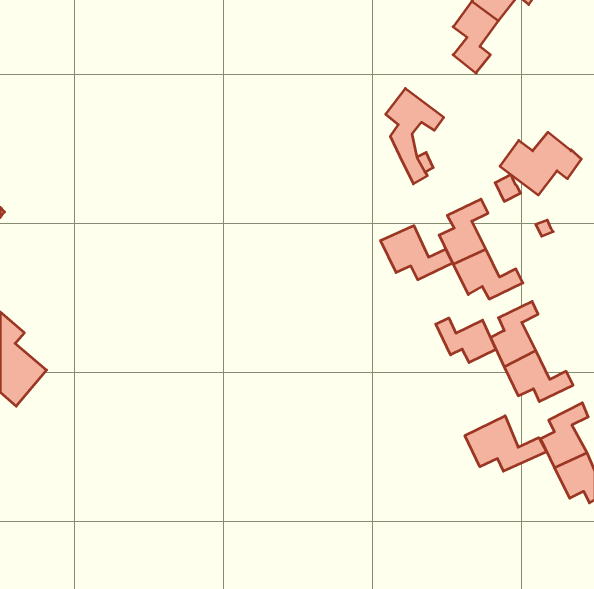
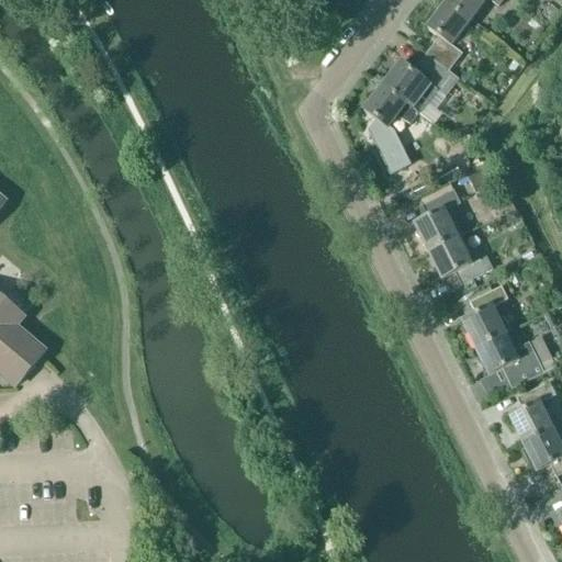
building: [500,132,581,195] -> [383,52,460,111]
building: [381,226,453,280] -> none
building: [436,318,496,363] -> none
building: [465,416,547,471] -> none

